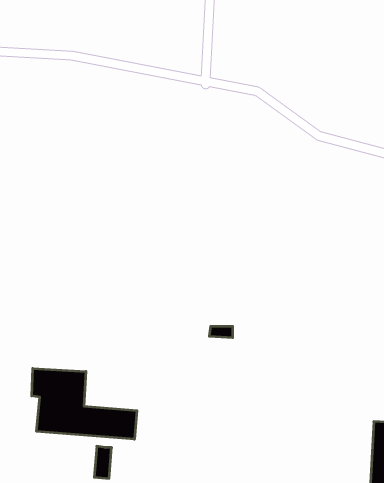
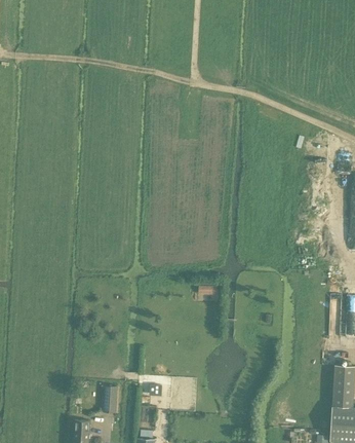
building: [32,368,137,439] -> none

